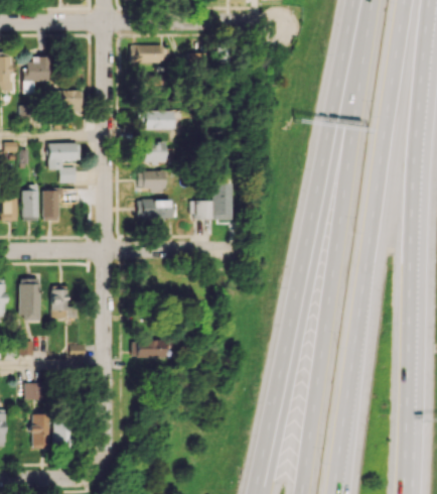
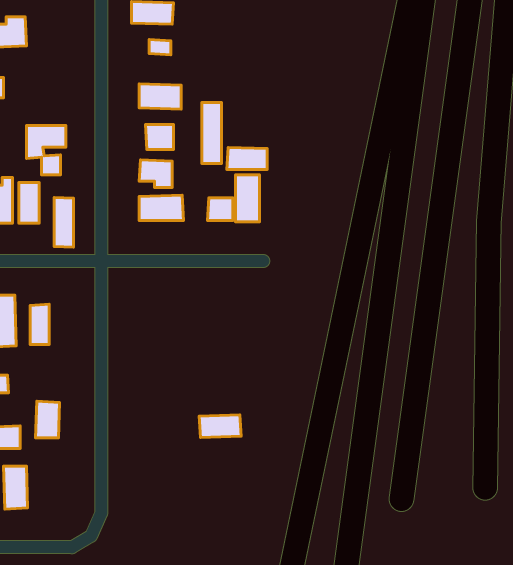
building: [54,90,84,110] -> none
building: none -> [202,103,222,163]
building: none -> [227,147,267,170]
building: none -> [54,197,73,247]
building: [132,340,165,358] -> [199,415,241,438]
building: [53,418,72,448] -> [36,401,60,438]

